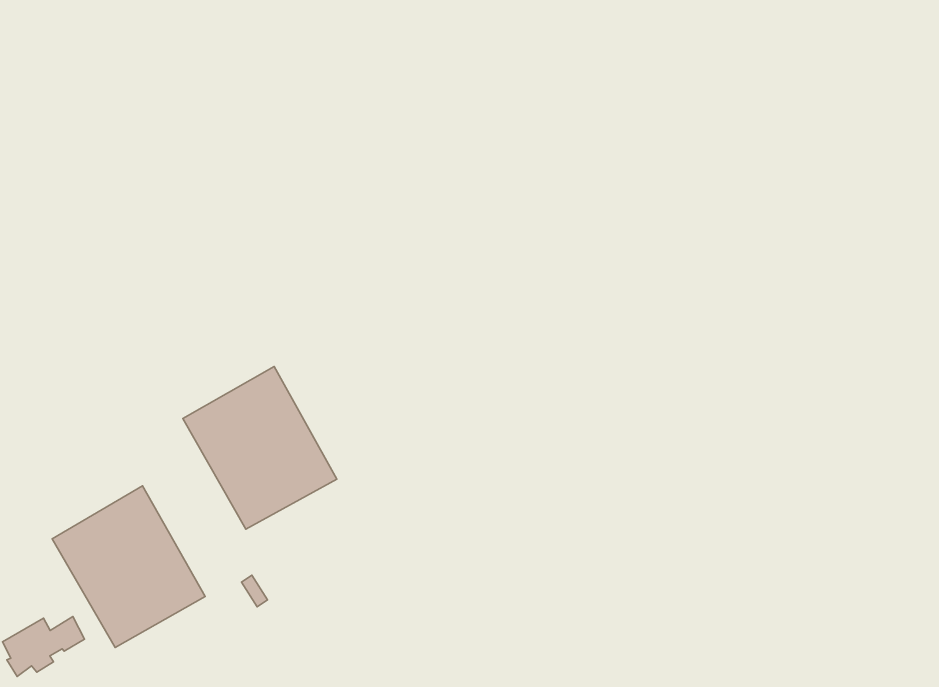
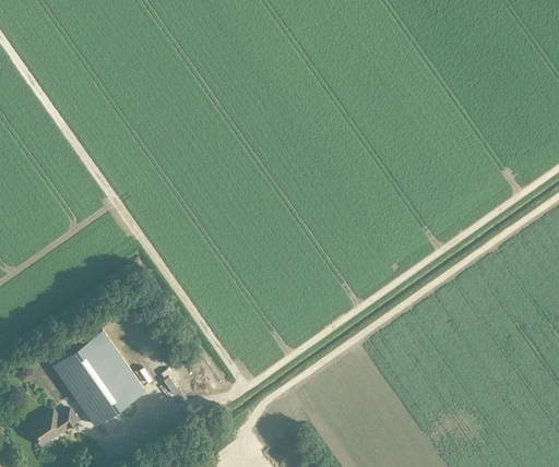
building: [183,367,337,529] -> none

